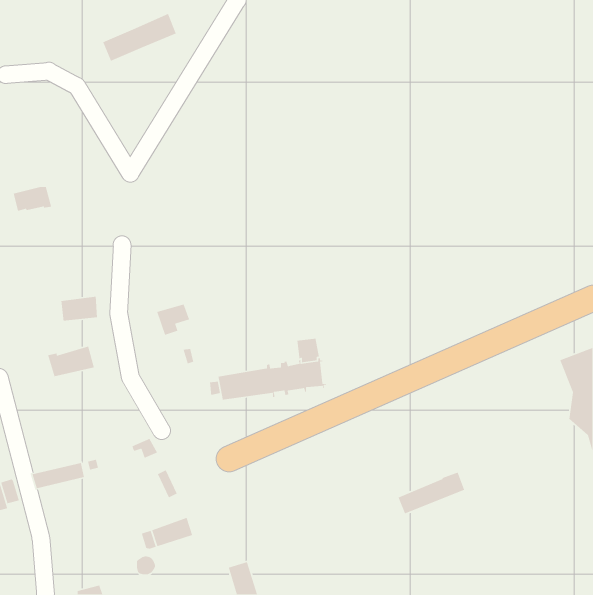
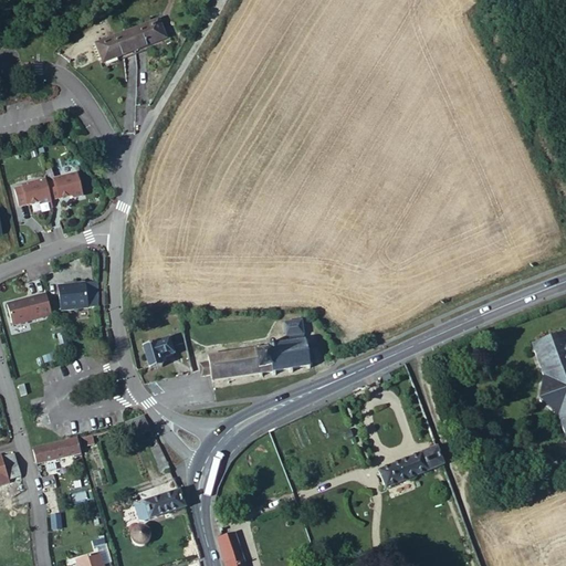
building: none -> [44,170,83,197]
building: [156,303,190,336] -> [142,339,174,370]
building: [47,346,95,377] -> [8,291,53,321]

